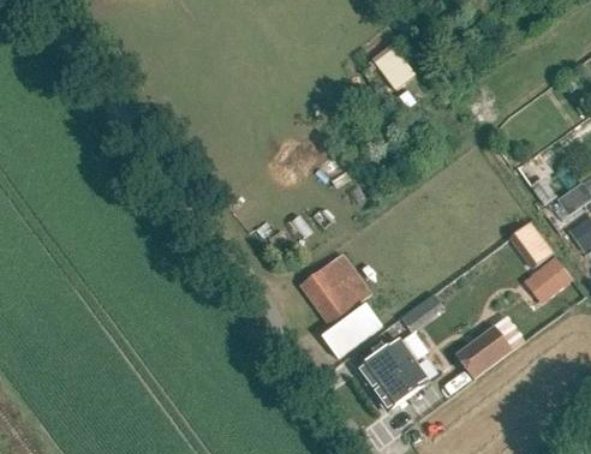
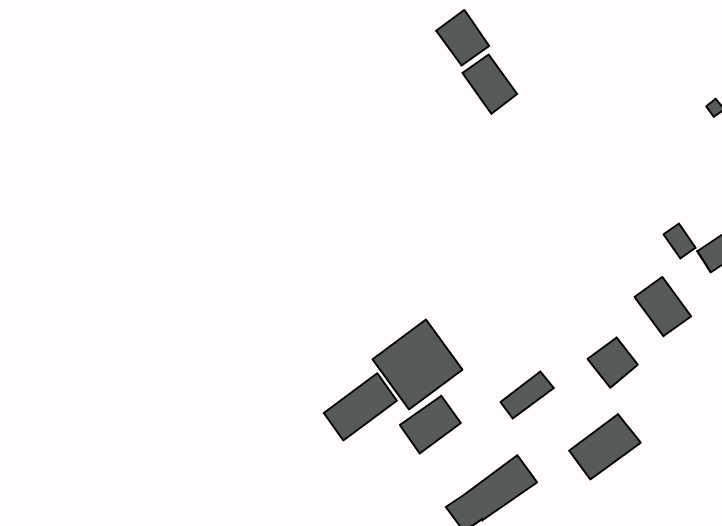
building: none -> [436,10,489,66]
building: [532,258,572,298] -> [588,337,638,388]
building: [358,339,416,392] -> [324,373,397,440]

